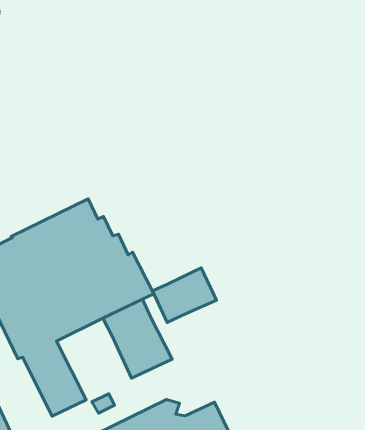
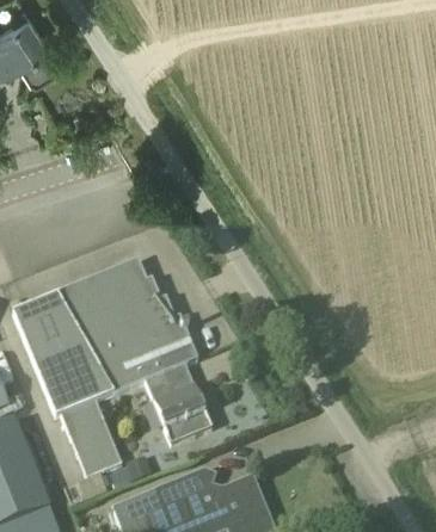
building: [152,268,217,323] -> none

